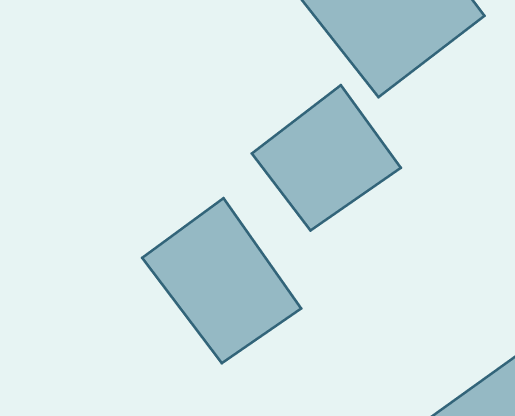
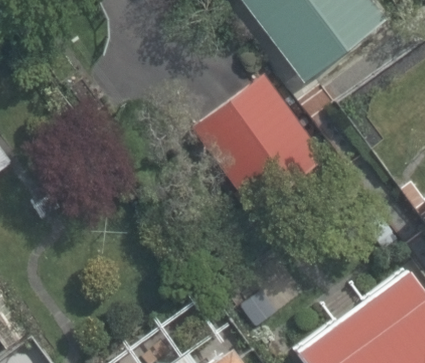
building: [142,198,301,363] -> none

